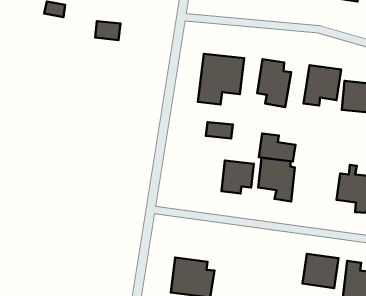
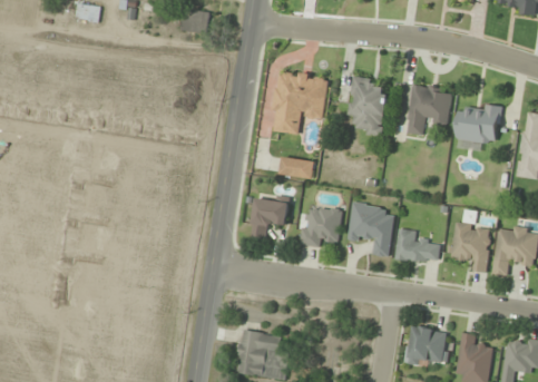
building: [95,21,120,40] -> [180,10,213,35]
building: [259,134,295,162] -> [394,229,441,265]
building: none -> [253,195,288,238]

